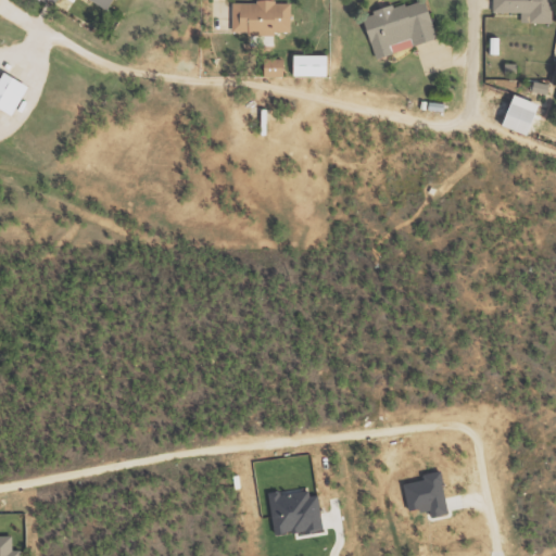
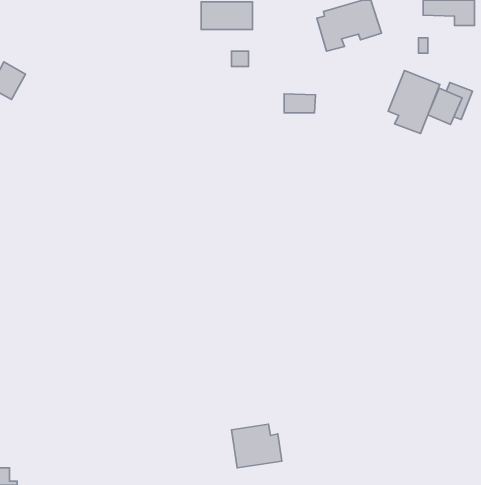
building: [293,54,329,76] -> [284,94,316,113]
building: none -> [388,70,440,134]
building: [403,471,446,517] -> none

